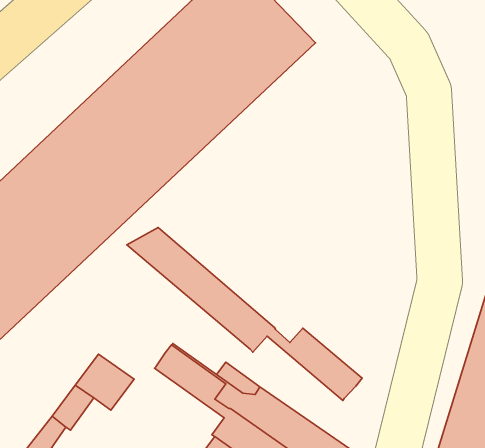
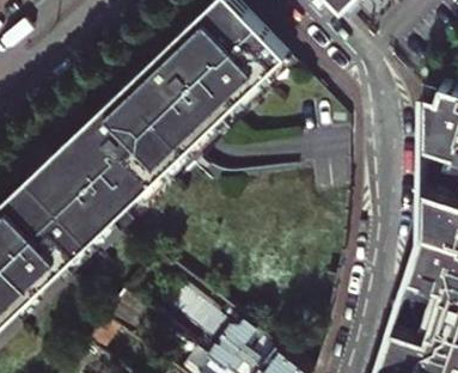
building: [127,228,362,400] -> none

